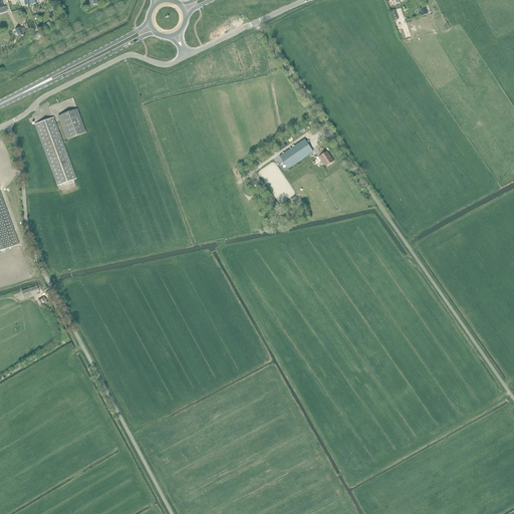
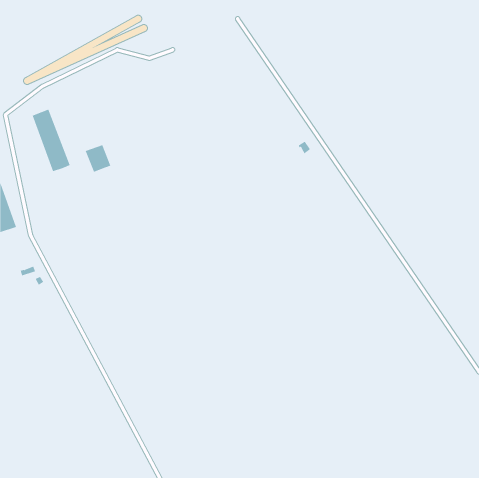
building: [57,107,85,138] -> [85,144,111,173]
building: [279,138,312,170] -> none

